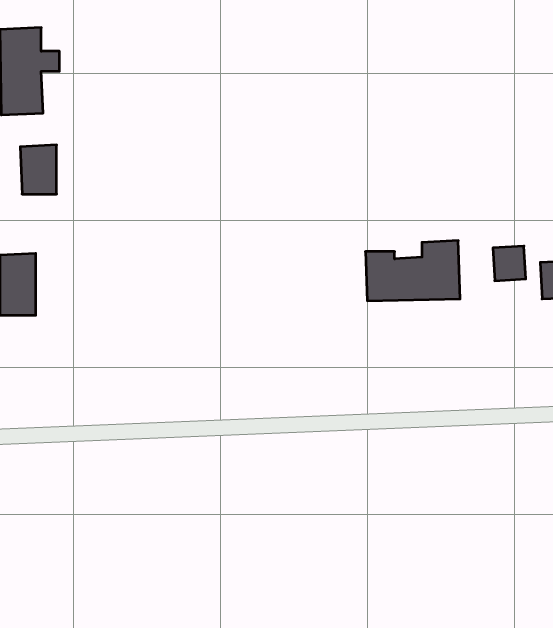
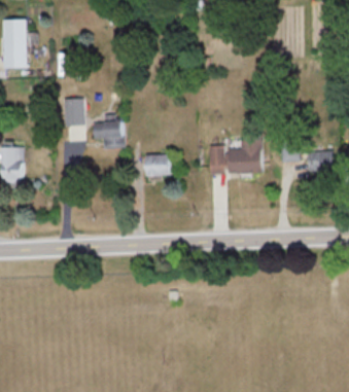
building: [20,145,57,194] -> [63,97,83,124]
building: none -> [93,121,125,149]
building: none -> [145,154,171,175]

